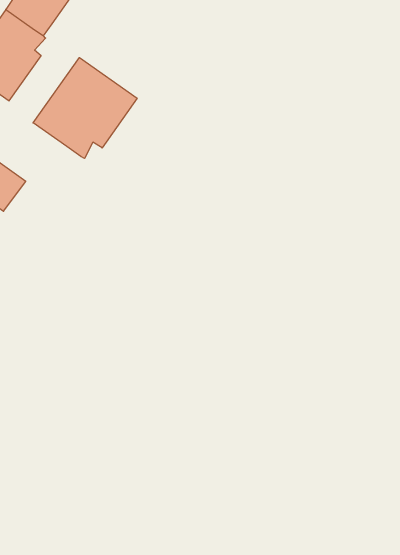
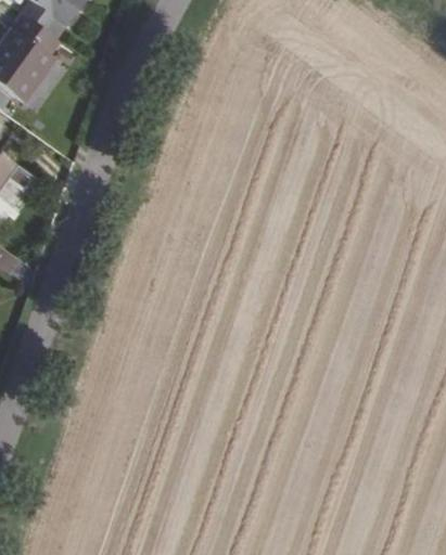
building: [33,58,137,158] -> none

